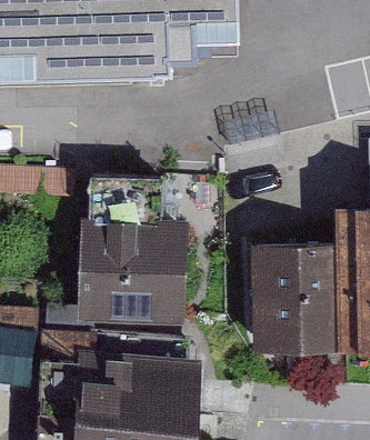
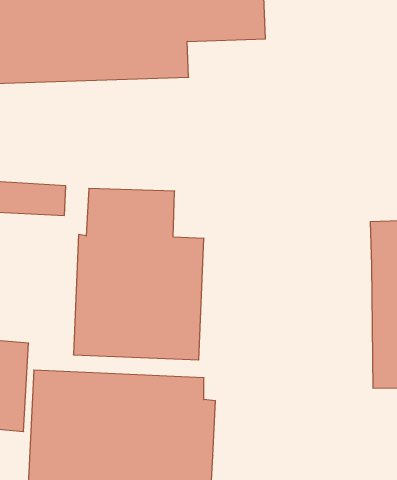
building: [250,244,336,353] -> none

